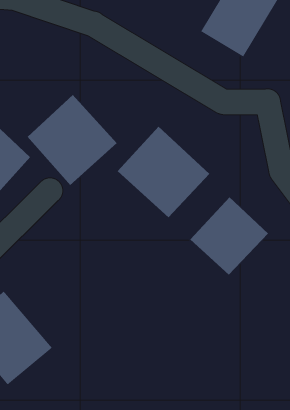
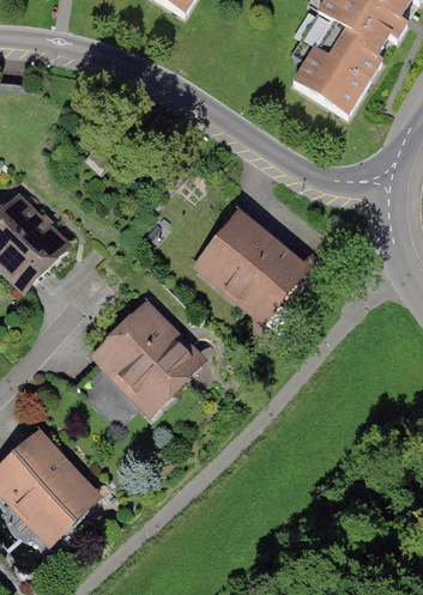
building: [27,94,117,186] -> [86,296,204,414]
building: [190,197,269,276] -> none

